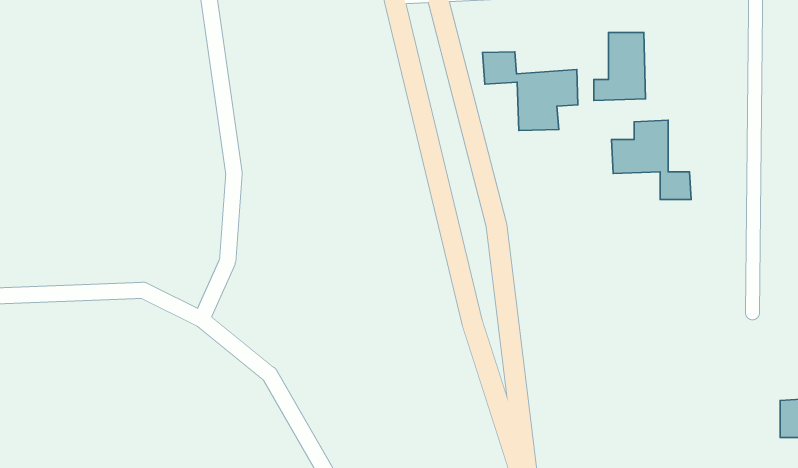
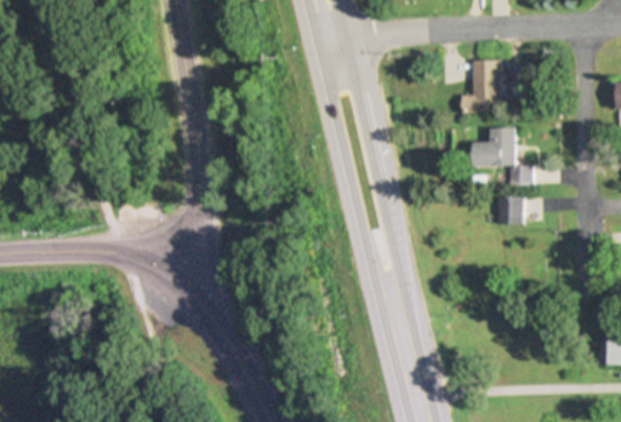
building: [482,52,578,131] -> none
building: none -> [496,196,522,223]

